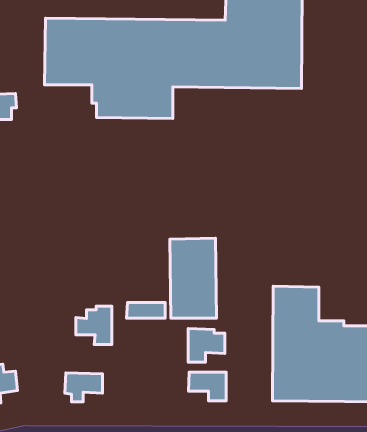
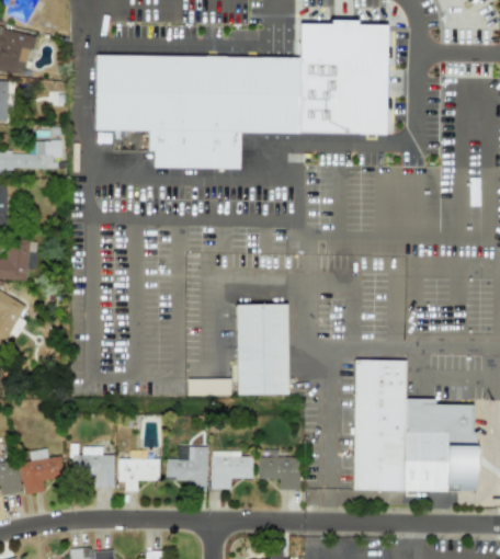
building: [76,306,112,345] -> [167,446,207,490]
building: [188,328,225,362] -> [212,450,253,489]
building: none -> [72,446,115,488]

